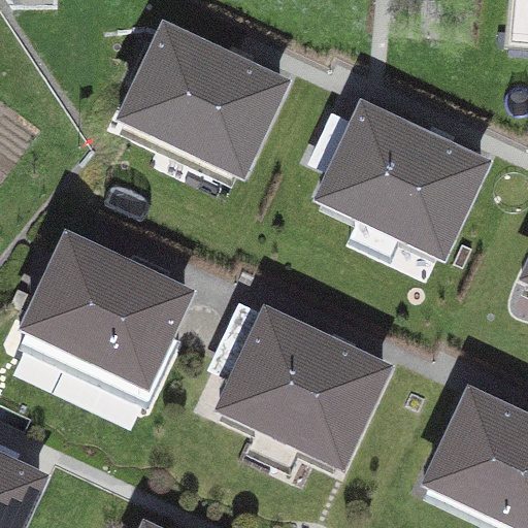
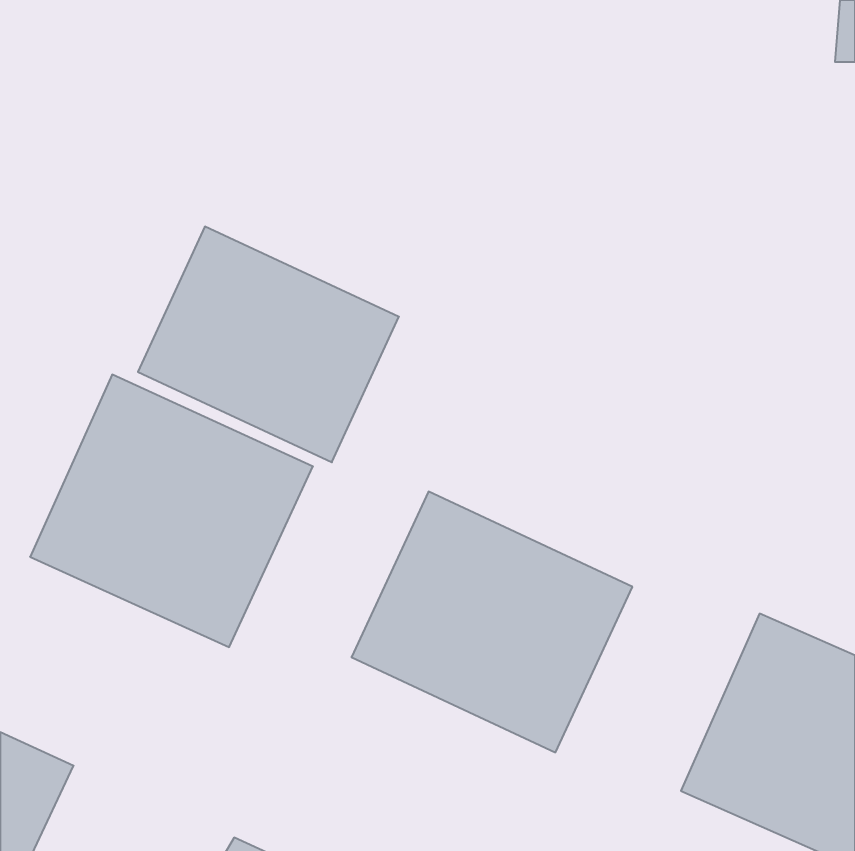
building: [123,28,284,173] -> [138,227,399,462]
building: [322,108,484,253] -> none

